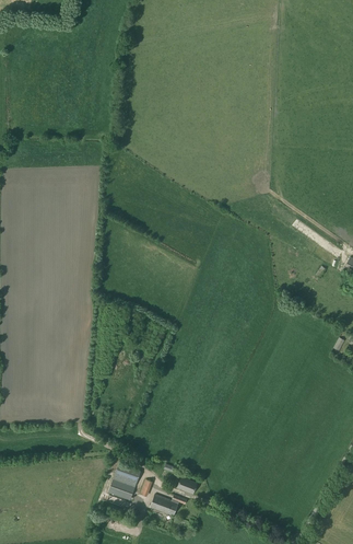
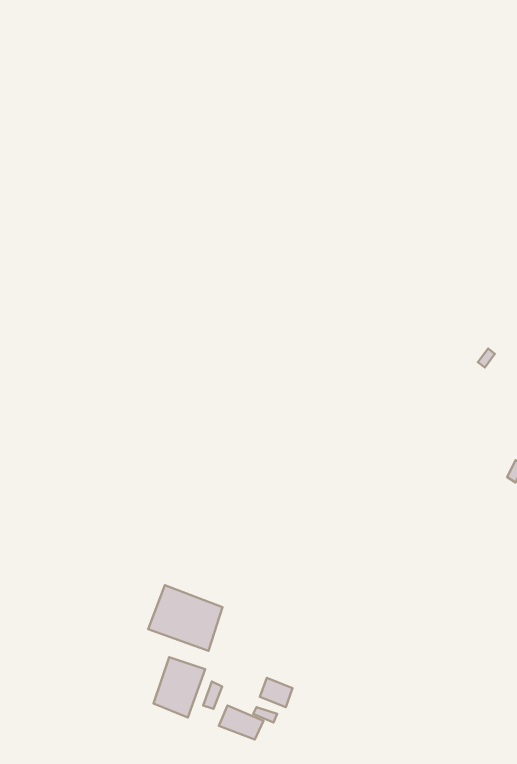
building: none -> [148,585,222,651]

